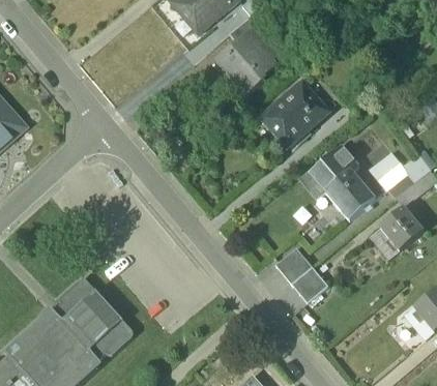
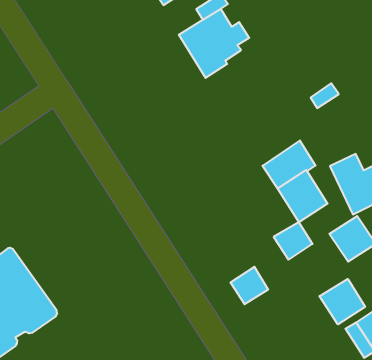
building: [262,81,327,145] -> none
building: [275,247,313,284] -> [274,222,313,260]
building: none -> [319,279,365,324]

